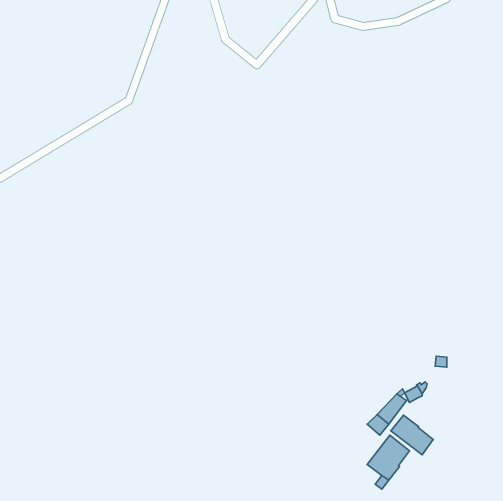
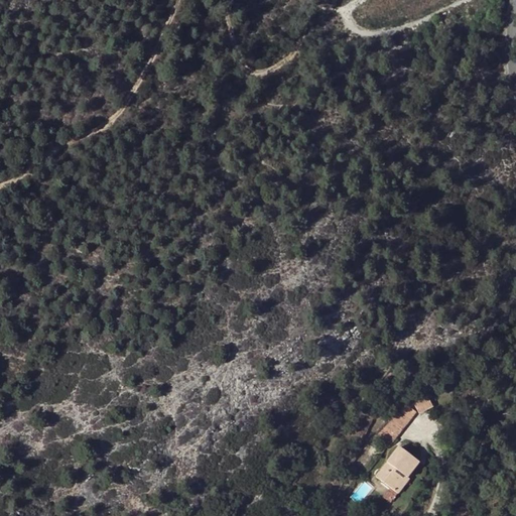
building: [391,415,433,455] -> none

